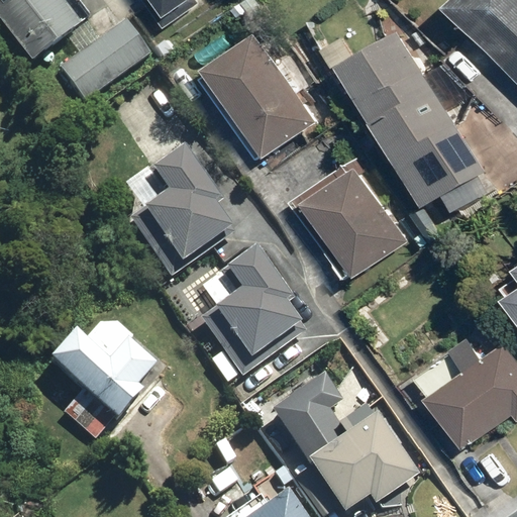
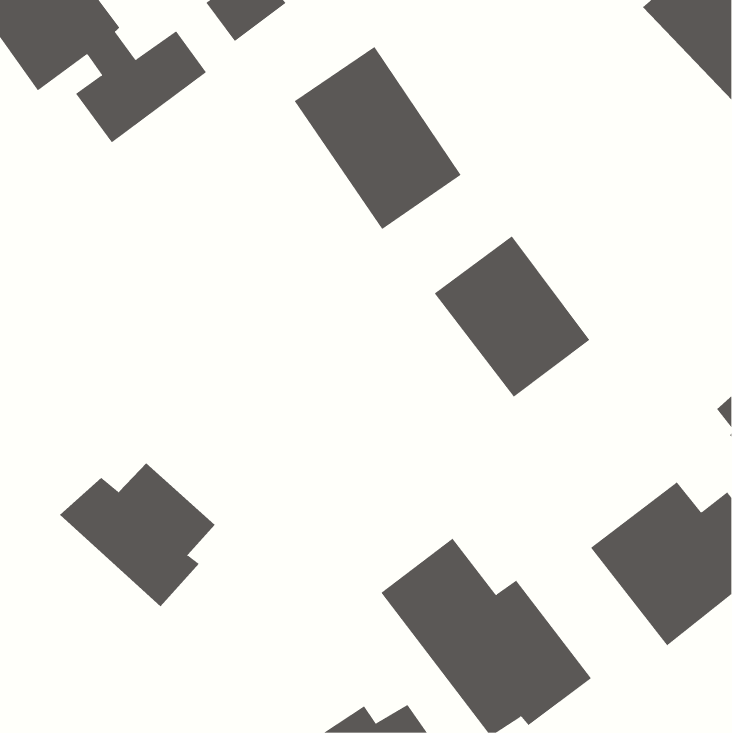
building: [320,26,497,212] -> none
building: [119,143,229,276] -> none
building: [195,242,301,377] -> none

